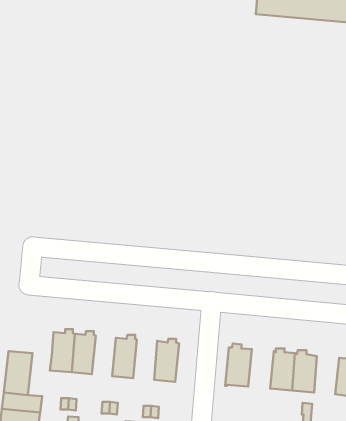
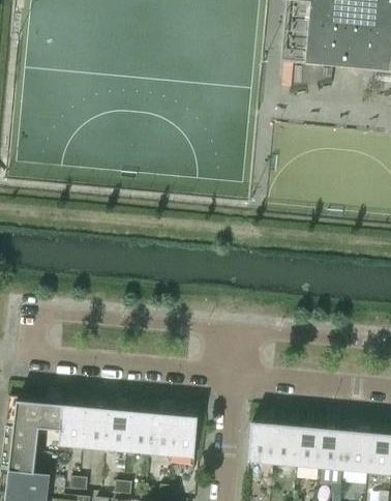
building: none -> [14,401,63,430]
building: none -> [104,406,130,452]
building: none -> [149,410,175,456]
building: none -> [273,420,301,466]
building: none -> [344,428,371,472]

